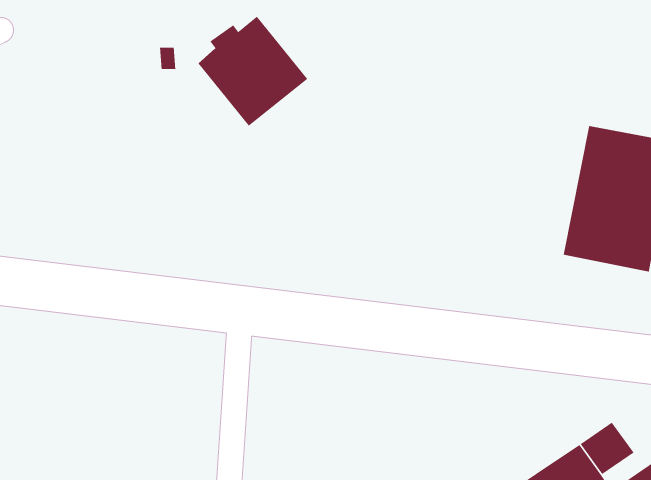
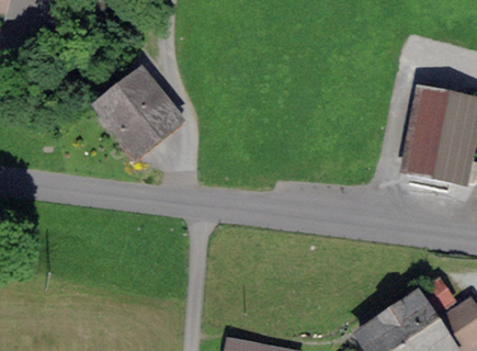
building: [198,16,308,127] -> [104,76,175,147]

